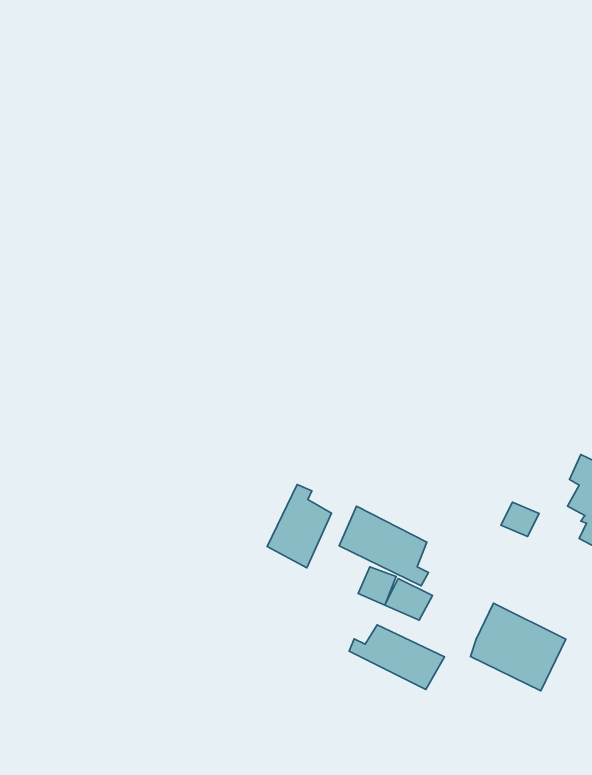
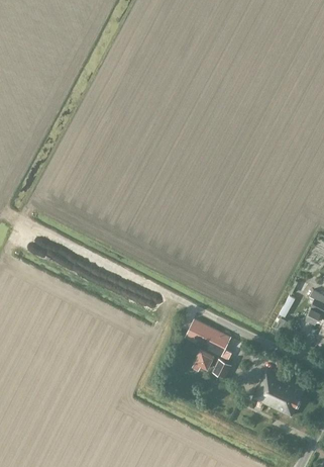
building: [267,485,331,568] -> none
building: [349,625,444,689] -> none

